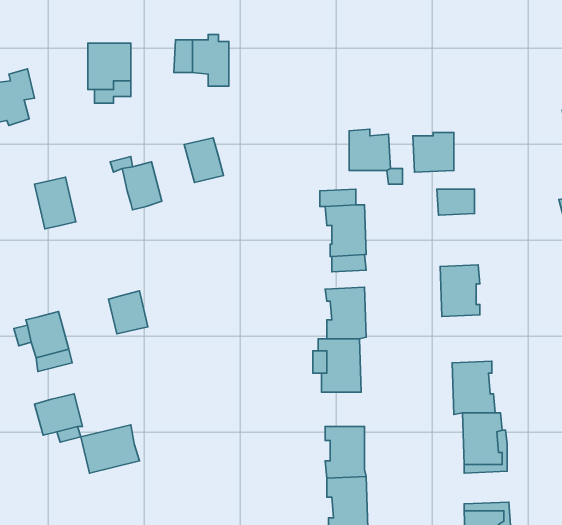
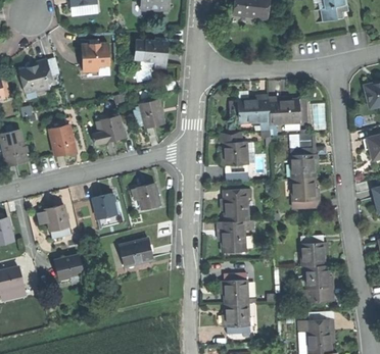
building: none -> [291,147,315,179]
building: none -> [136,184,159,210]
building: [81,425,139,473] -> [120,239,154,267]

